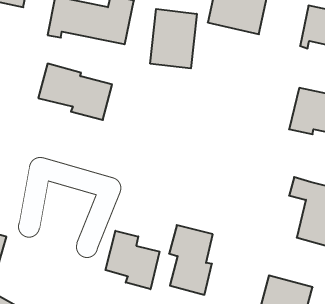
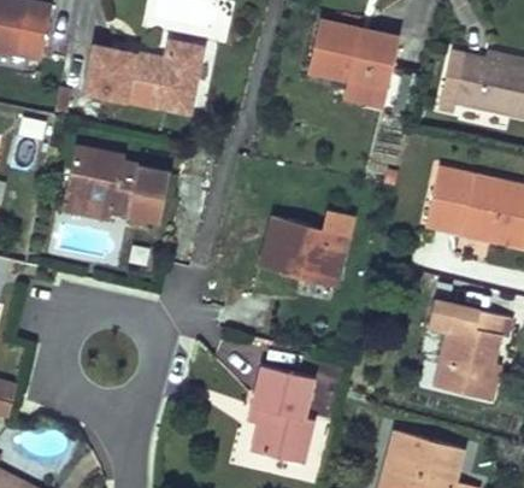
building: [150,9,197,68] -> none
building: none -> [258,218,347,290]
building: [105,231,160,289] -> none

